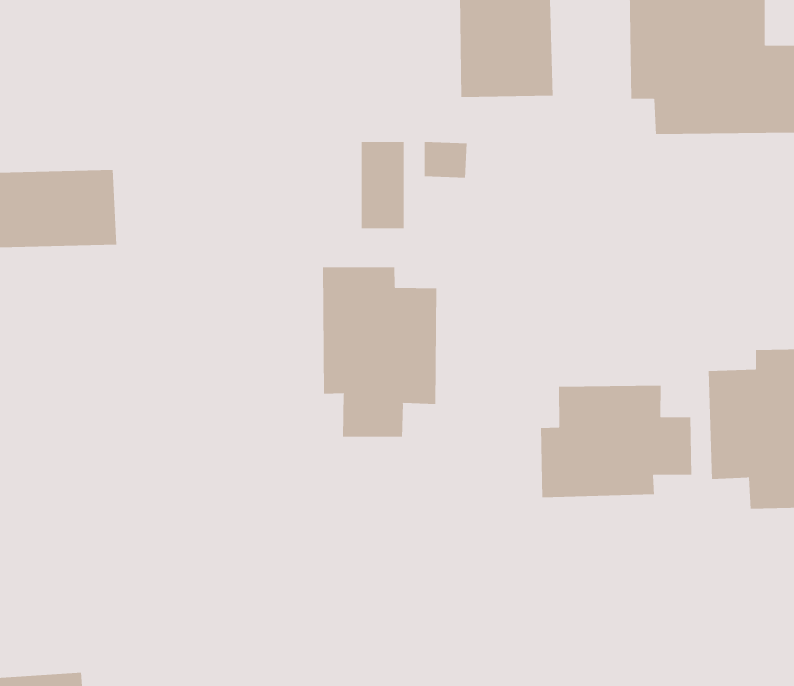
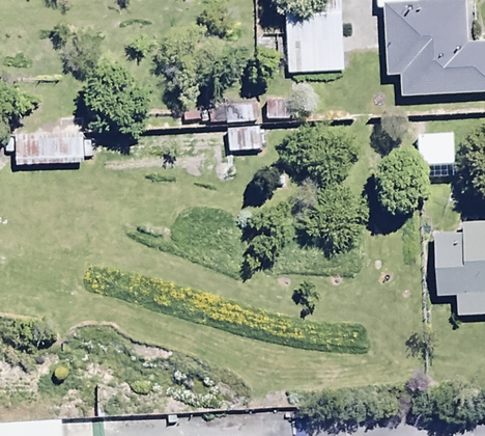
building: [323,266,437,438] -> none
building: [540,385,692,498] -> none

